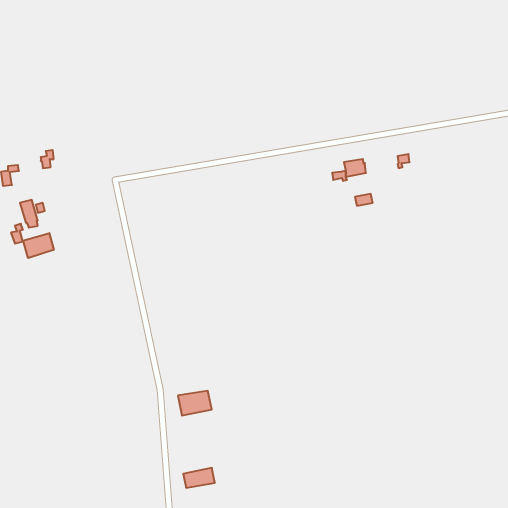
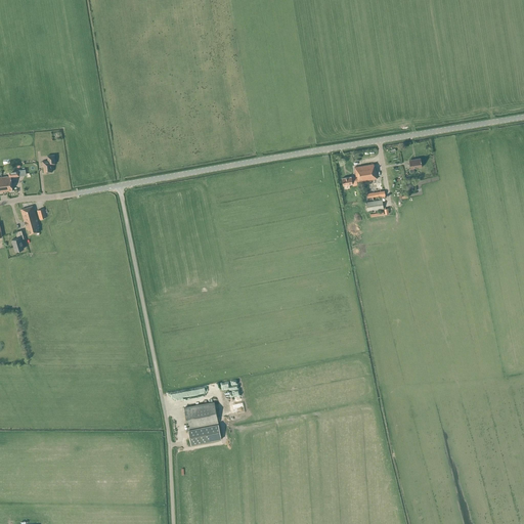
building: [23,233,54,258] -> none
building: [183,468,215,488] -> [188,424,221,444]

